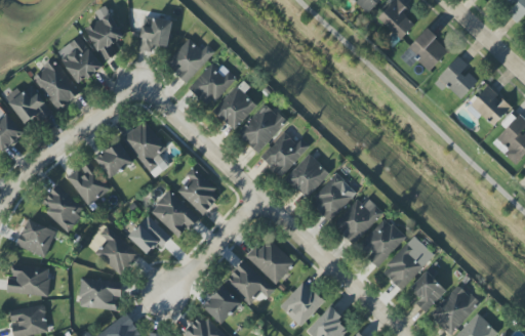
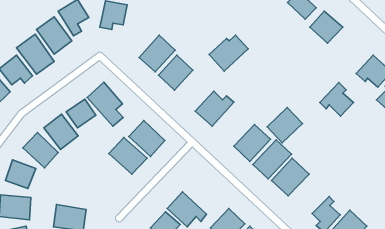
building: [166,38,215,82] -> none
building: [434,56,477,99] -> [320,83,353,116]
building: [237,107,287,153] -> [209,35,248,71]
building: [285,154,330,199] -> [267,108,302,143]
building: [128,215,171,253] -> none
building: [96,225,139,274] -> none
building: [246,239,295,284] -> none
building: [382,244,427,289] -> none

